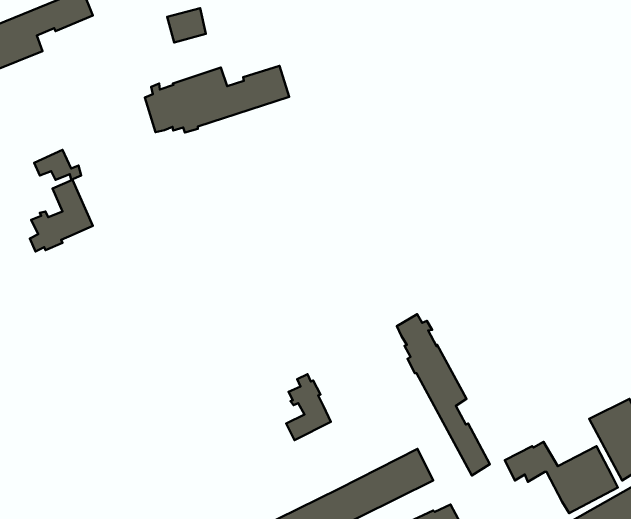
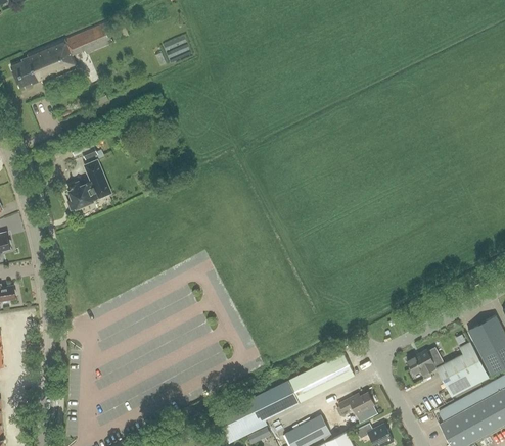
building: [145,66,289,133] -> none
building: [397,314,490,475] -> none
building: [286,374,331,440] -> none

